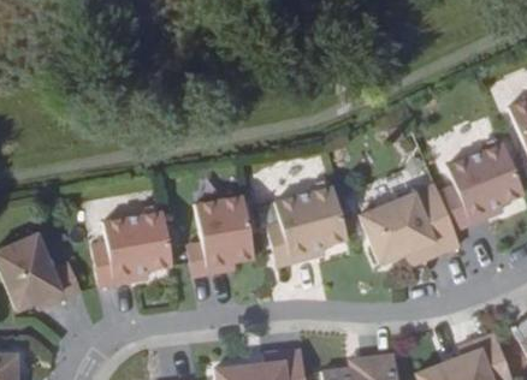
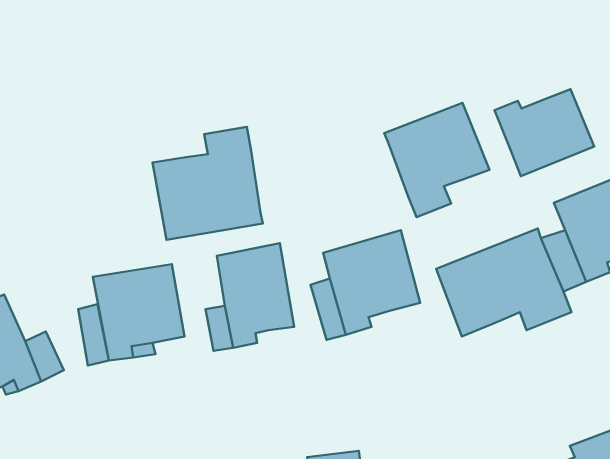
building: none -> [495,89,594,176]
building: none -> [384,103,489,217]
building: none -> [152,127,263,240]

